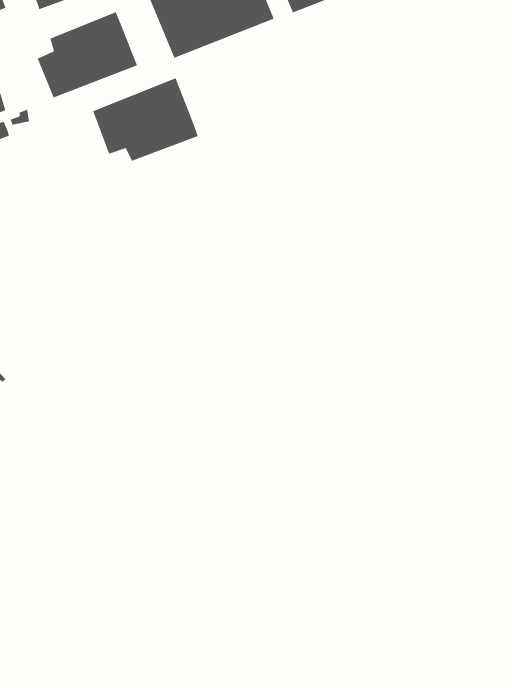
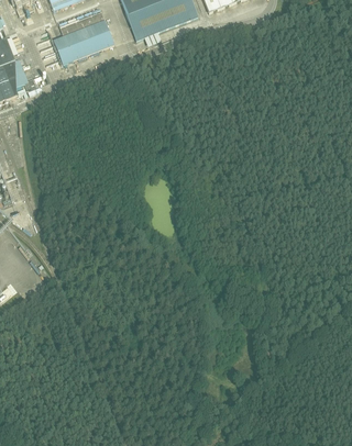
building: [93,78,199,162] -> none

